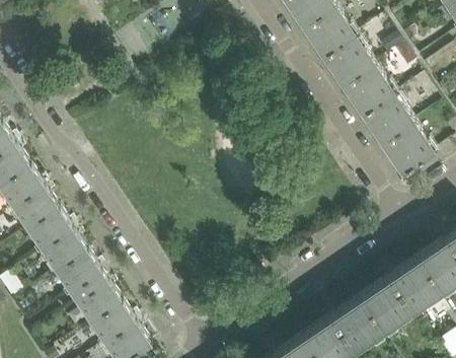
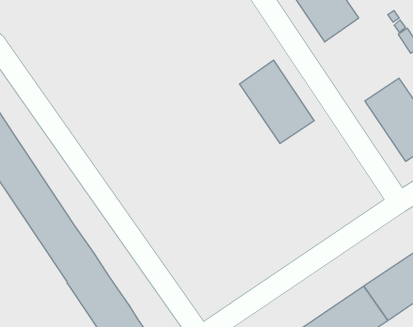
building: [322,35,395,117] -> [239,60,314,143]

